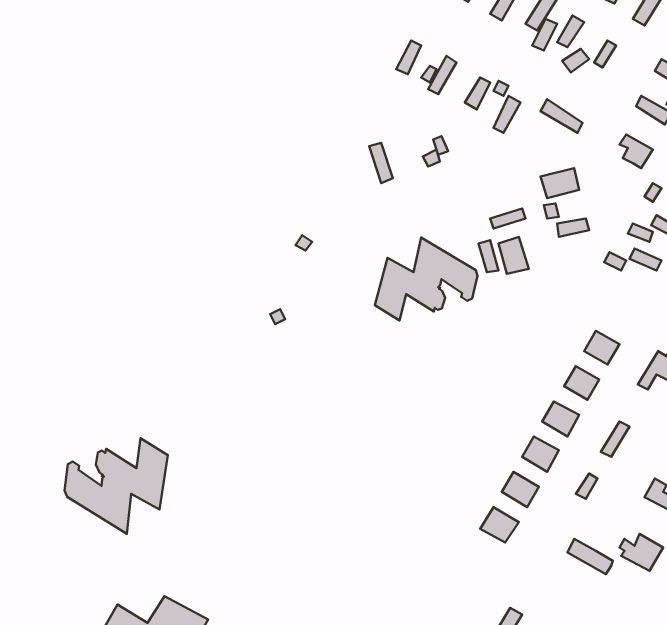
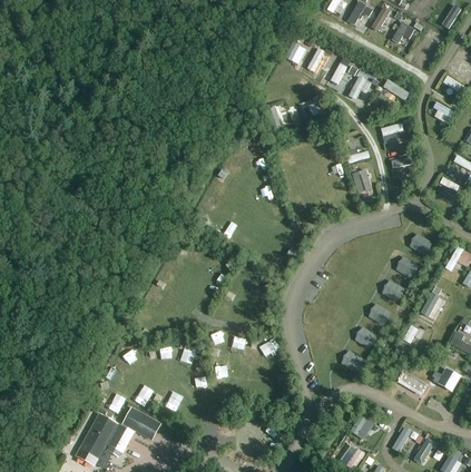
building: [375,237,478,320] -> none
building: [64,438,168,534] -> none

